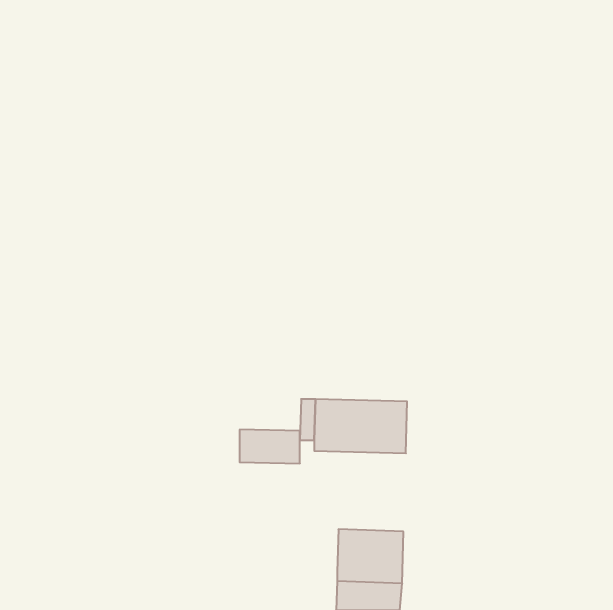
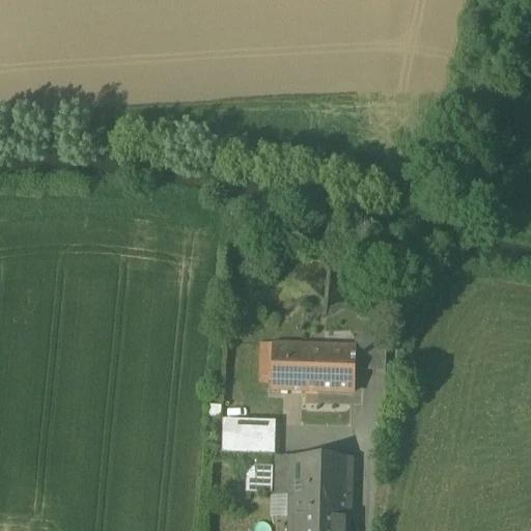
building: [240,430,300,463] -> [227,416,279,445]
building: none -> [276,455,294,492]

